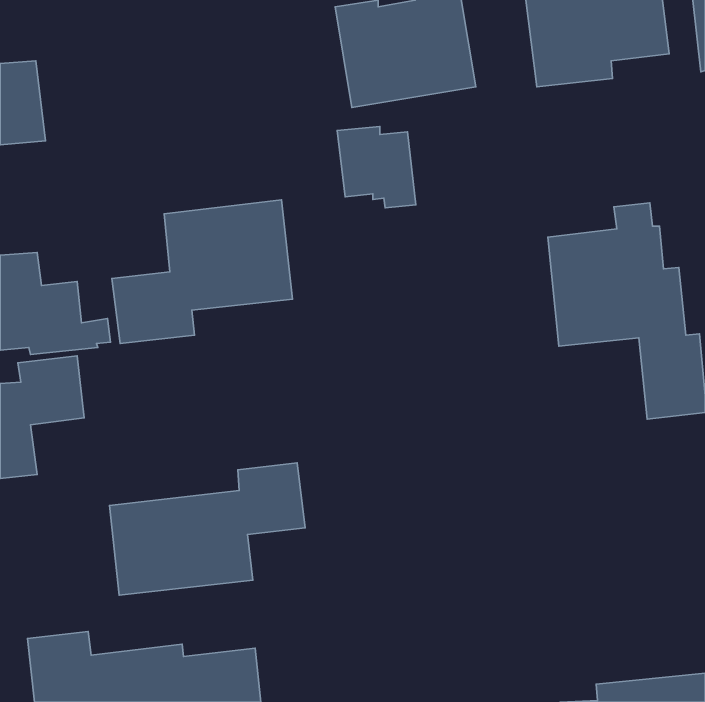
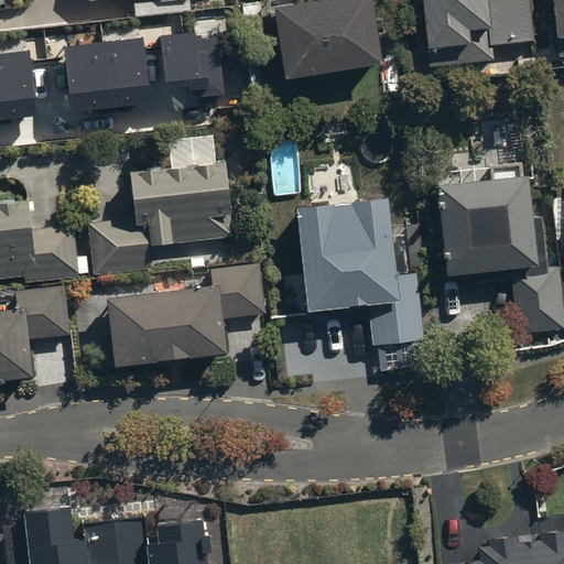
building: none -> [65,36,150,109]
building: [337,126,416,208] -> [161,30,224,95]
building: none -> [300,196,421,344]
building: [109,463,305,595] -> [109,261,265,367]

